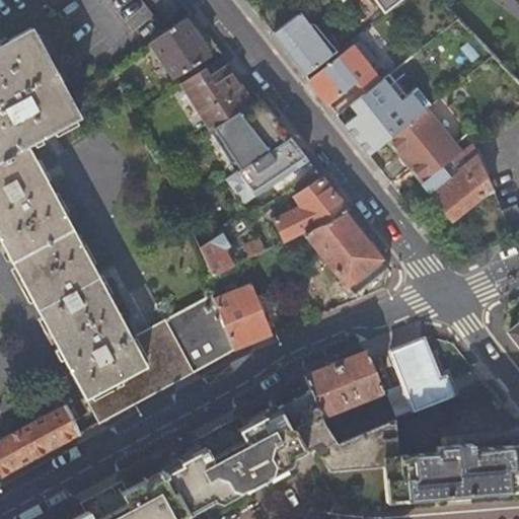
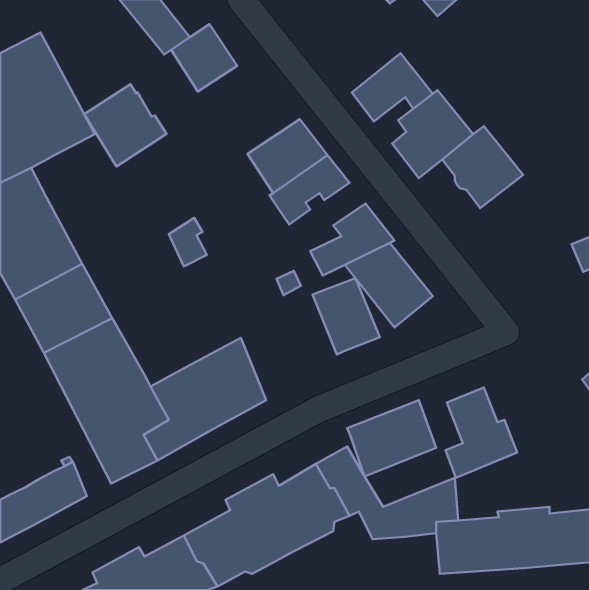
building: [276,13,343,77] -> none
building: [180,59,252,131] -> [84,84,166,166]
building: [423,143,494,220] -> none
building: [200,234,233,277] -> [169,218,207,266]
building: [214,284,273,351] -> [313,278,380,355]

